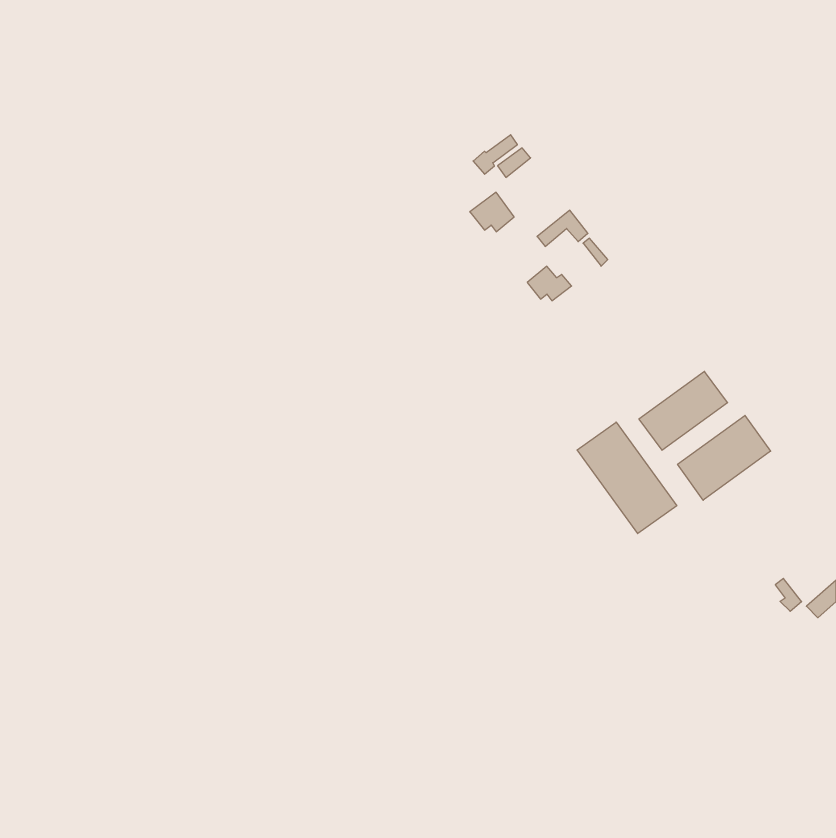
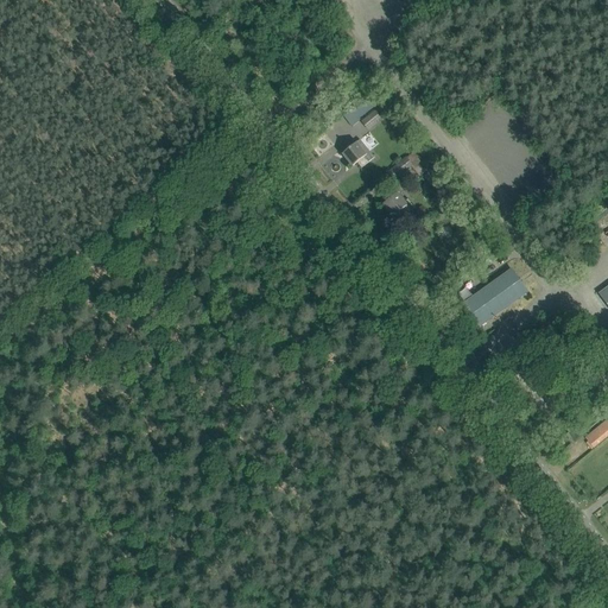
building: [678,415,771,500] -> none
building: [577,422,677,534] -> none

